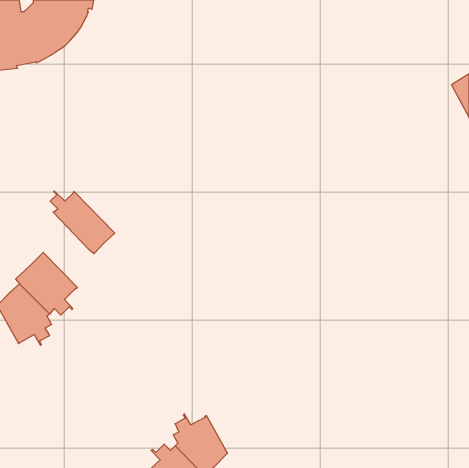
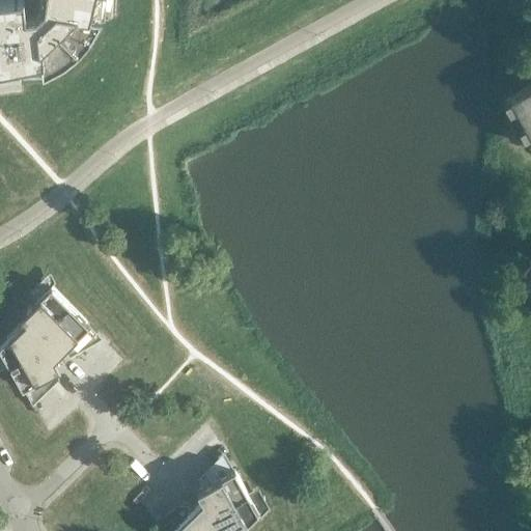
building: [50,191,115,254] -> none

